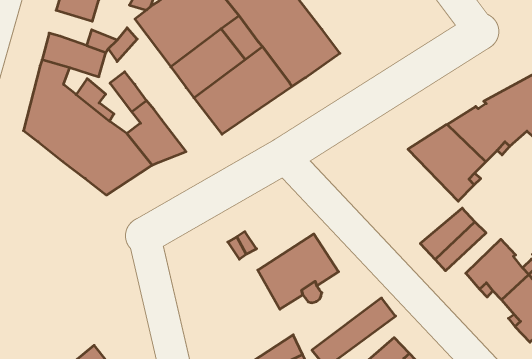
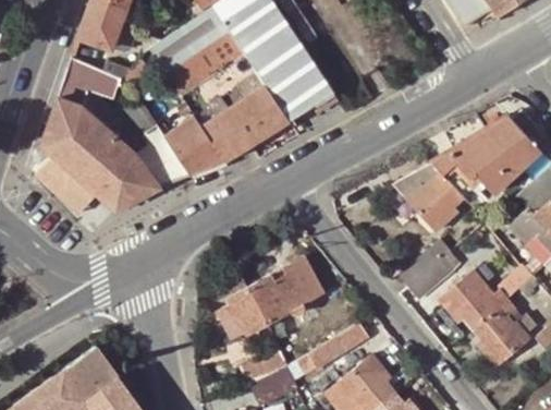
building: none -> [163,116,224,174]
building: none -> [37,158,97,215]
building: none -> [208,287,269,349]

